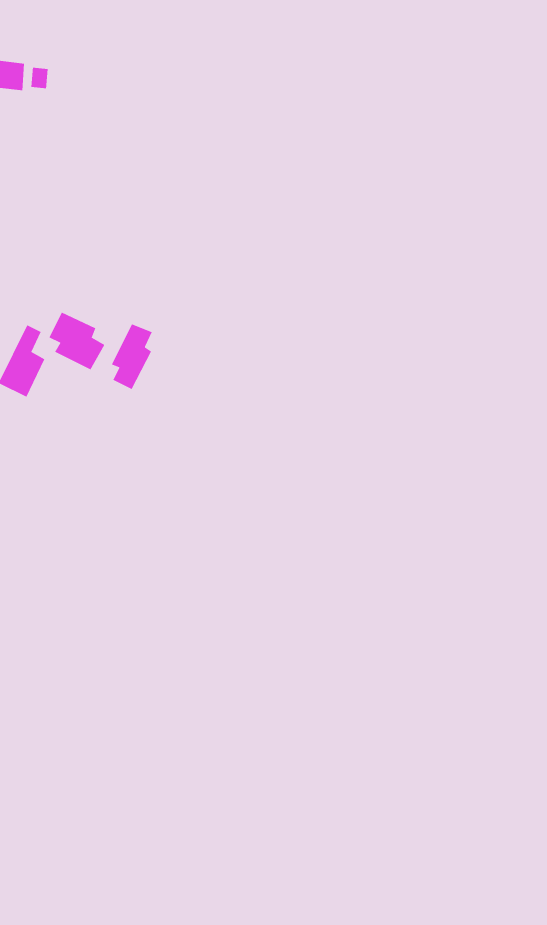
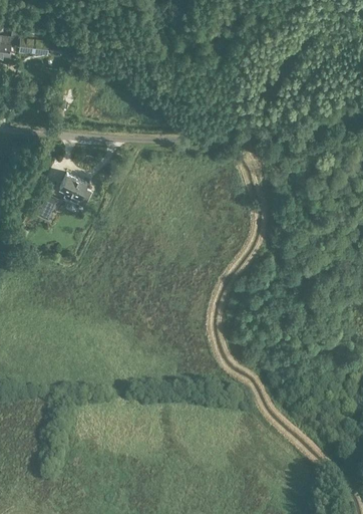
building: [111,324,153,390] -> none

